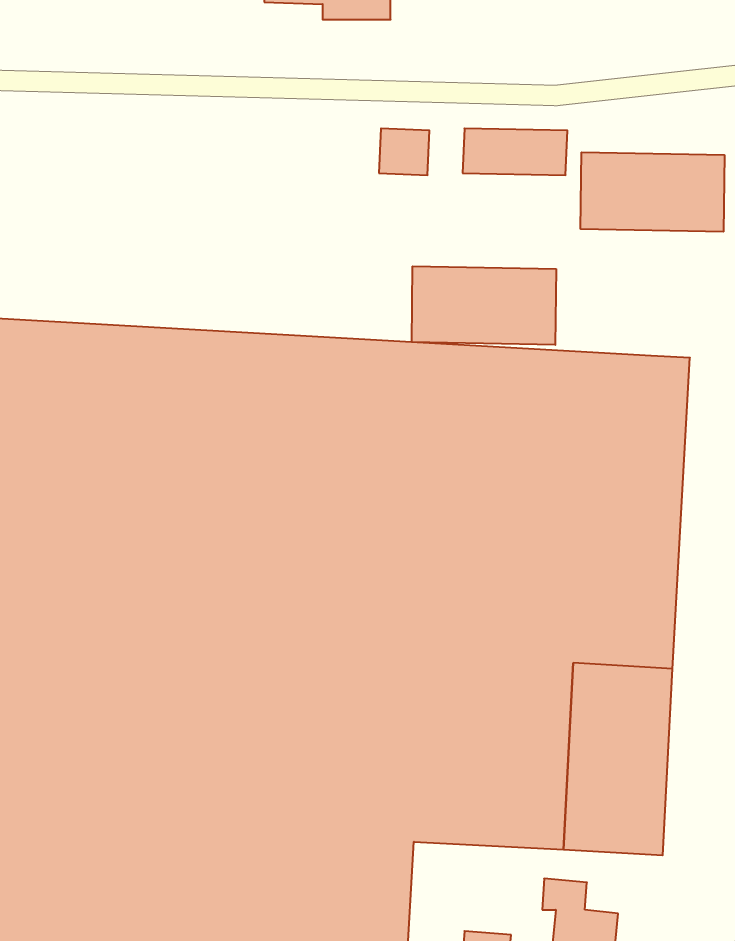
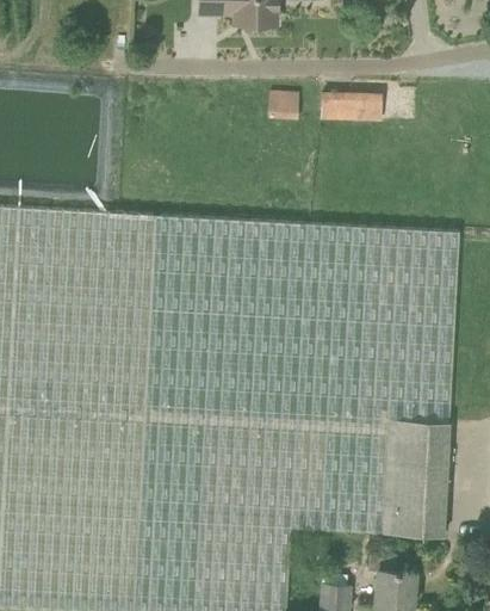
building: [581,152,724,232] -> none
building: [412,266,556,345] -> none

